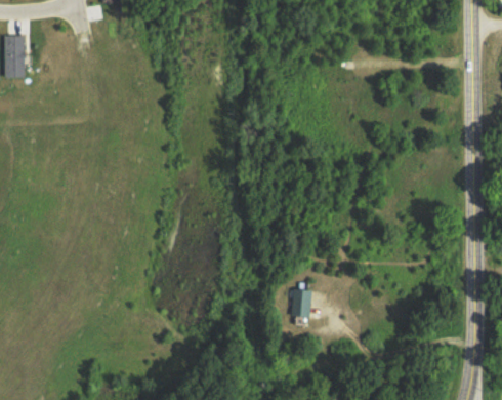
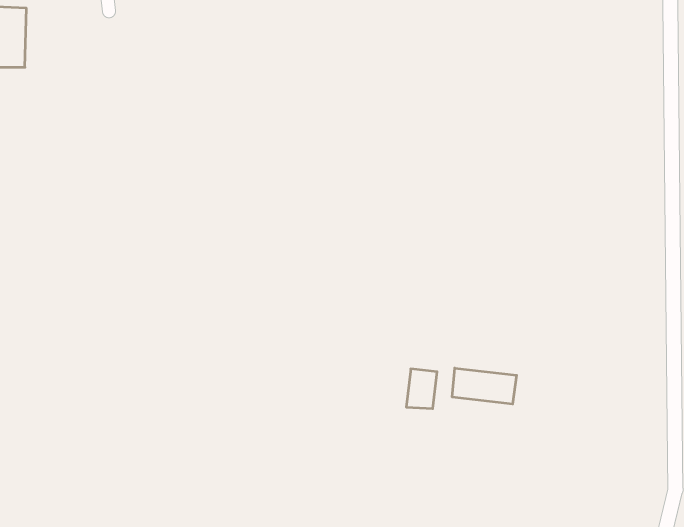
building: none -> [452,368,517,404]

